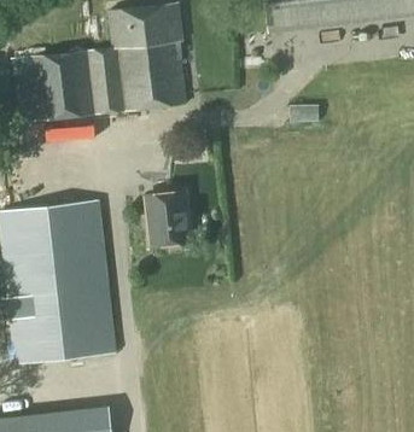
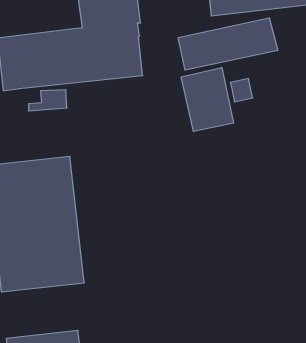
building: none -> [178,18,278,70]
building: none -> [181,67,233,132]
building: [147,191,191,245] -> none

